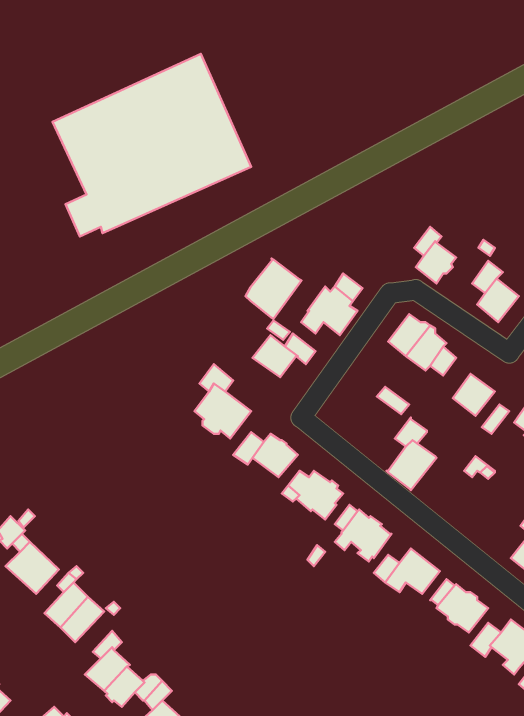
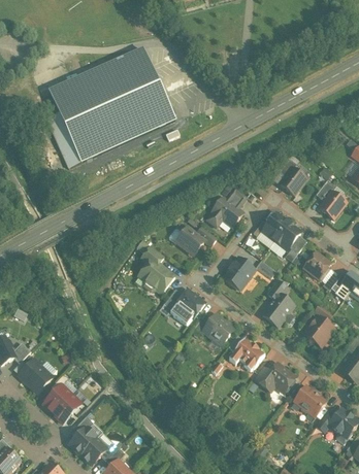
building: [245,258,302,319] -> none
building: none -> [223,257,254,289]
building: none -> [302,317,333,344]

